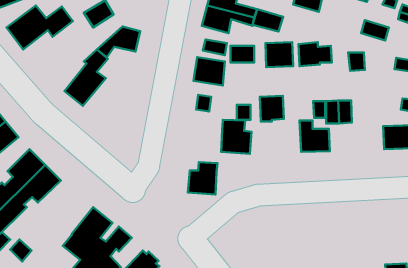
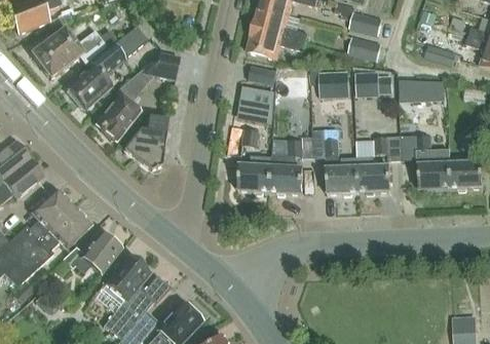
building: [253,9,283,31] -> [348,36,382,61]
building: none -> [67,43,124,109]
building: none -> [123,117,167,174]
building: none -> [418,133,452,190]
building: none -> [327,157,360,193]
building: [188,162,217,194] -> [239,156,272,192]
building: none -> [61,232,121,276]

